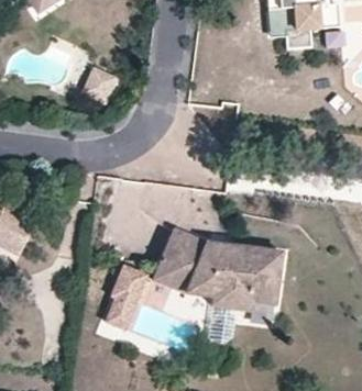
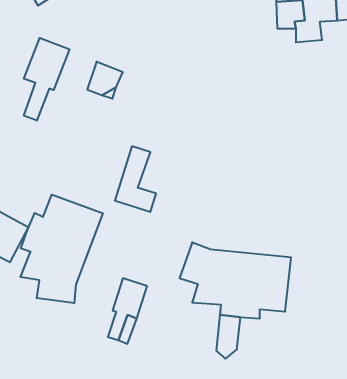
building: none -> [24,38,70,121]
building: none -> [20,195,103,303]
building: [155,231,195,293] -> [115,146,156,212]

